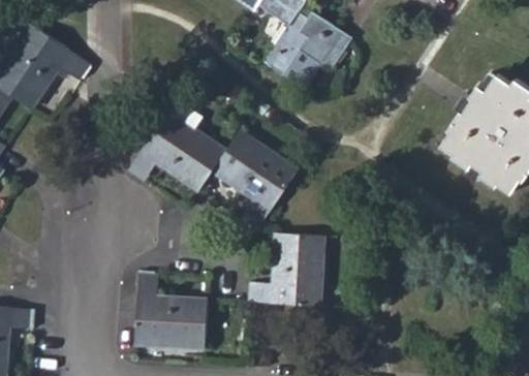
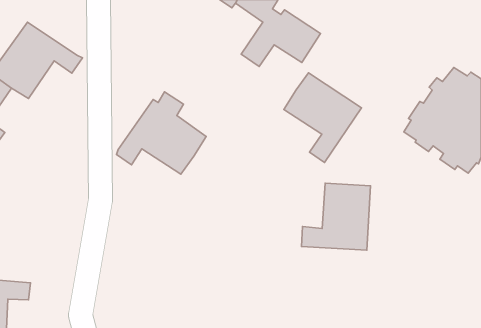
building: [213,131,298,229] -> [284,73,361,163]
building: [249,232,324,306] -> [302,183,371,250]
building: [133,273,208,347] -> none

